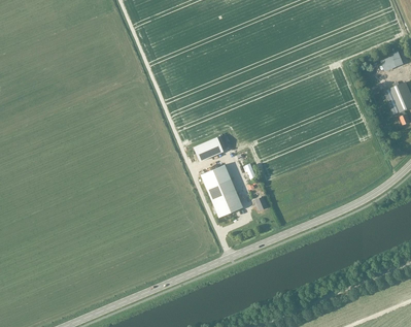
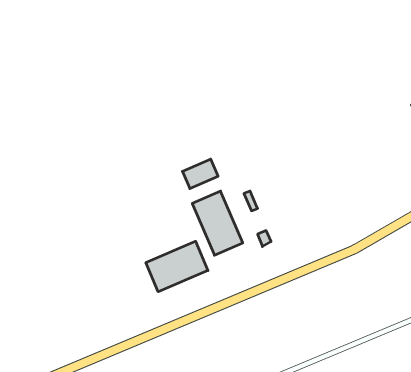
building: none -> [146,241,208,292]

